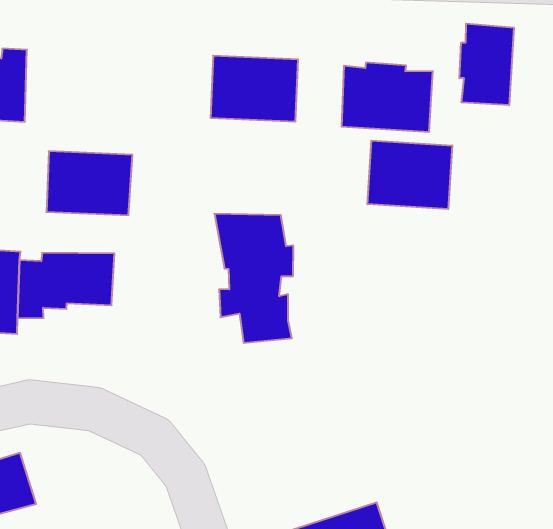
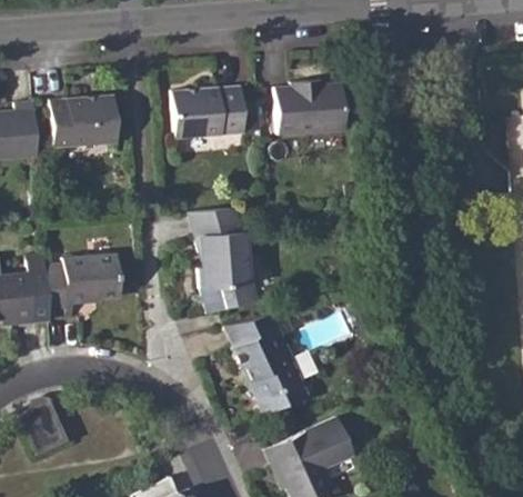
building: [459,24,514,105] -> none
building: [367,141,452,209] -> none
building: [46,151,132,215] -> [49,96,115,147]
building: none -> [218,315,299,418]

